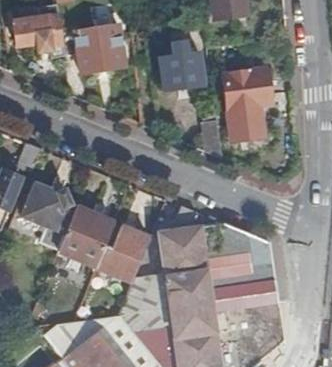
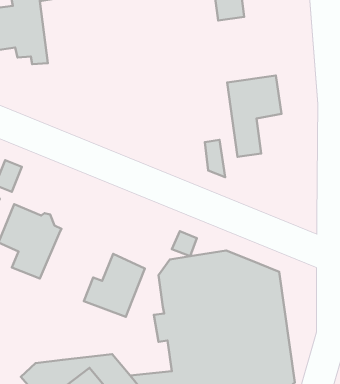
building: [74,20,124,75] -> none
building: [160,43,203,92] -> none
building: [56,207,113,269] -> none
building: [120,274,174,335] -> none

